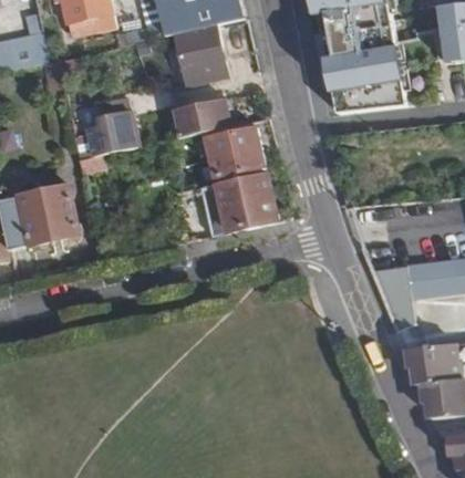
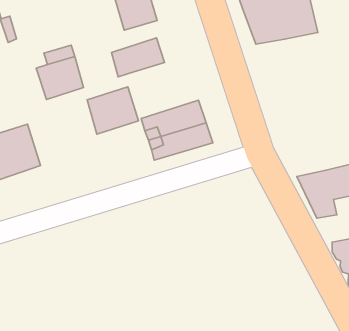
building: [209,124,266,175] -> [87,87,138,134]

